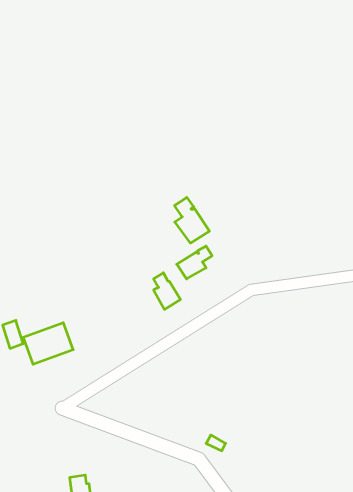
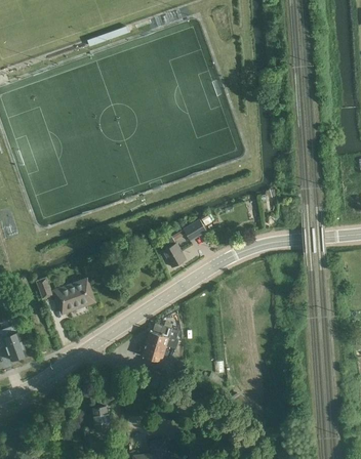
building: [175,197,209,243] -> none
building: none -> [137,324,178,362]

